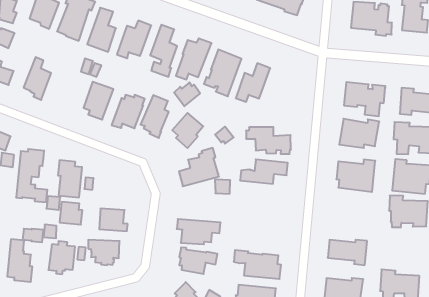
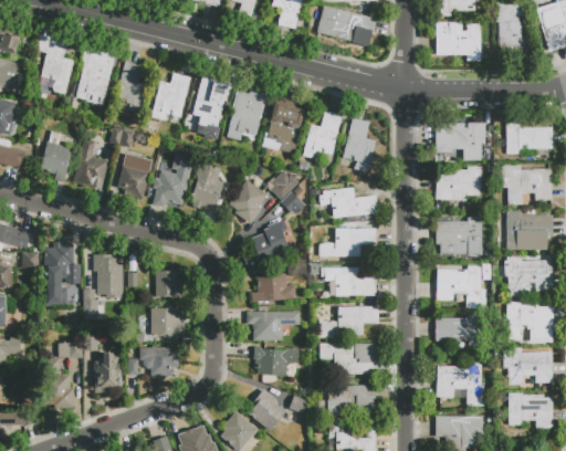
building: none -> [73,139,107,187]
building: none -> [343,118,376,172]
building: [174,82,200,106] -> [266,170,298,200]
building: none -> [328,268,376,295]
building: none -> [252,273,296,302]
building: none -> [436,265,486,307]
building: [60,202,82,225] -> [155,271,181,296]
building: none -> [331,307,378,335]
building: none -> [506,303,553,340]

